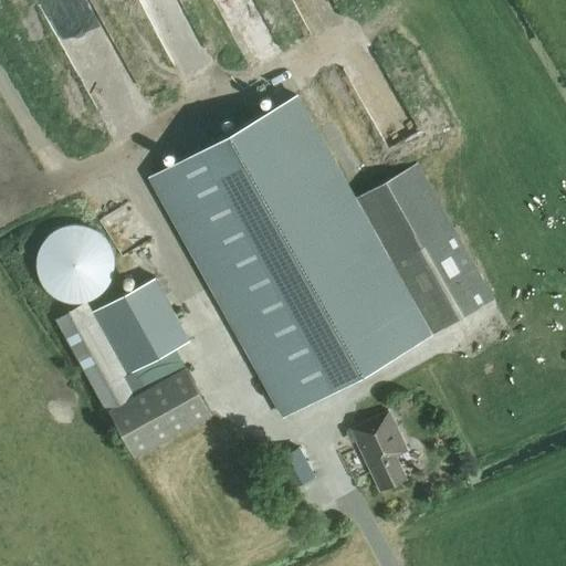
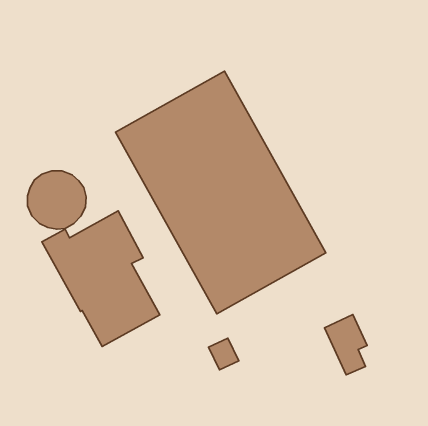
building: [355,166,494,336] -> none
building: [352,411,408,491] -> [325,314,367,375]

